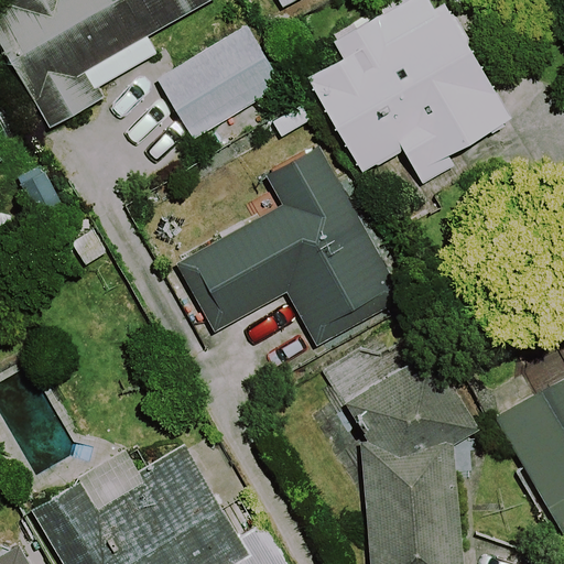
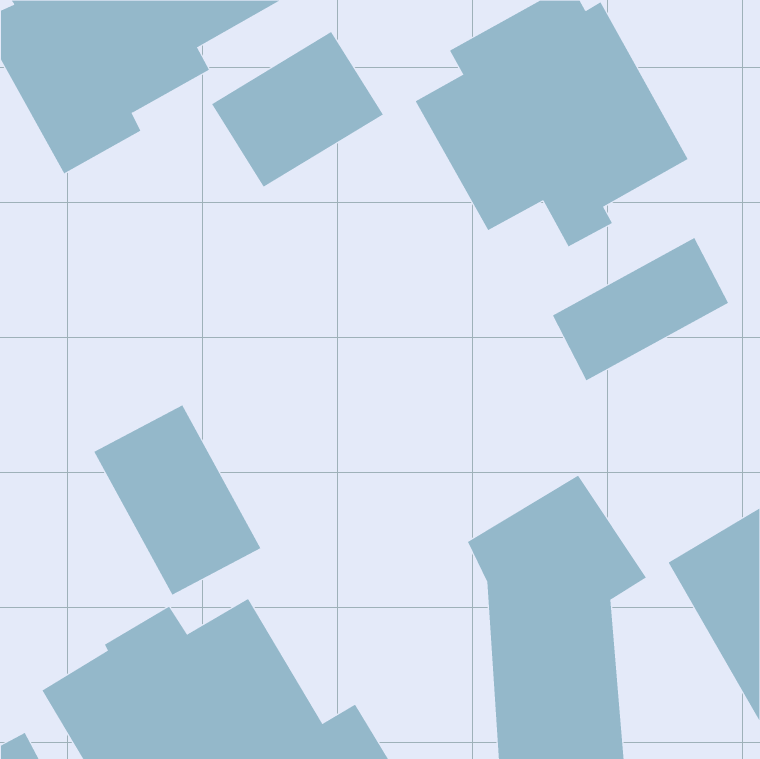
building: [175,145,402,346] -> none
building: none -> [552,237,729,381]
building: none -> [94,405,261,595]

